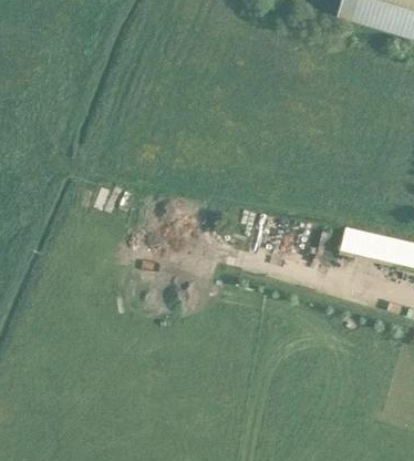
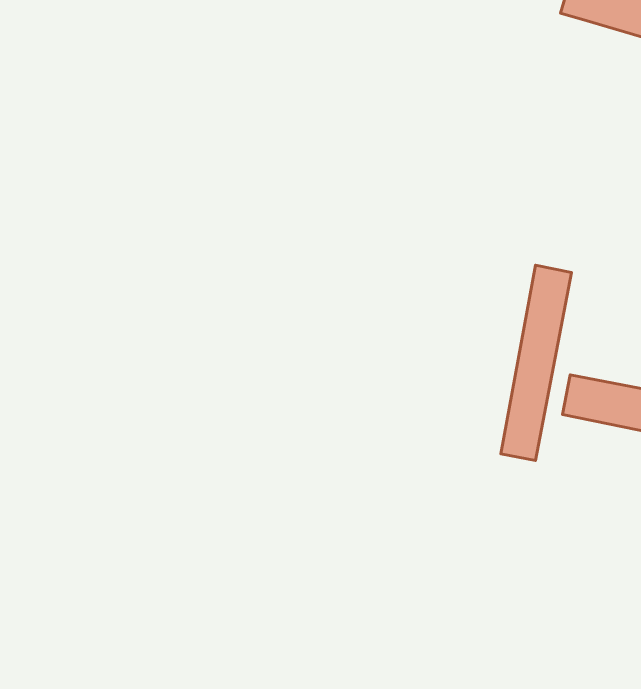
building: none -> [501,265,572,461]

